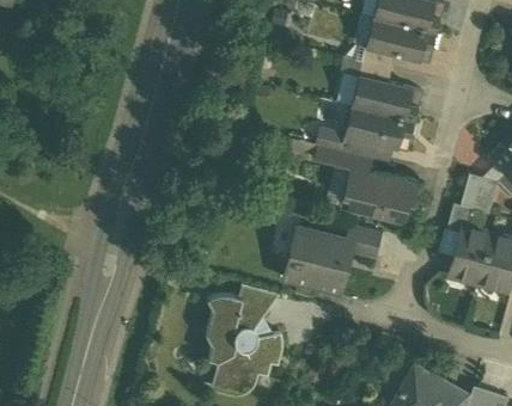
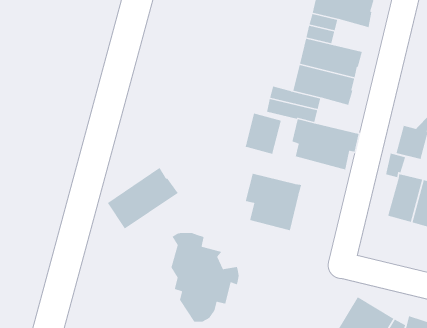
building: none -> [244,112,282,155]
building: none -> [107,167,179,229]
building: [346,226,382,259] -> none
building: [236,284,279,315] -> none

